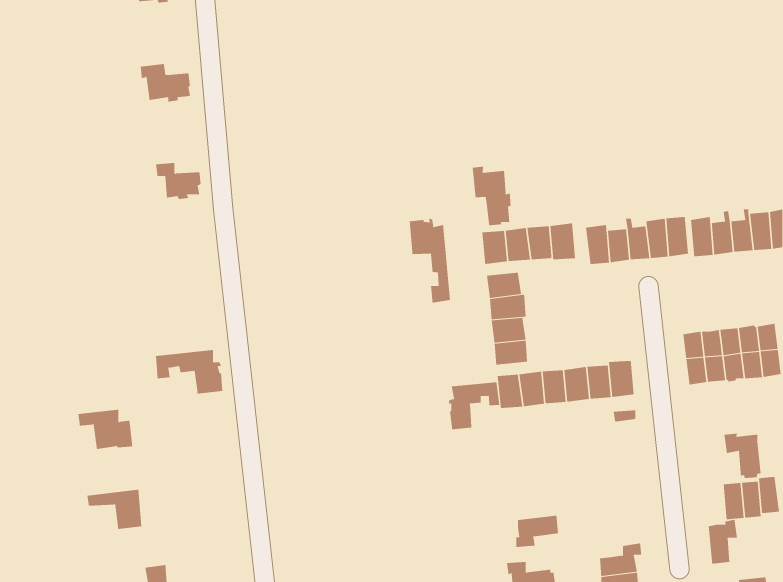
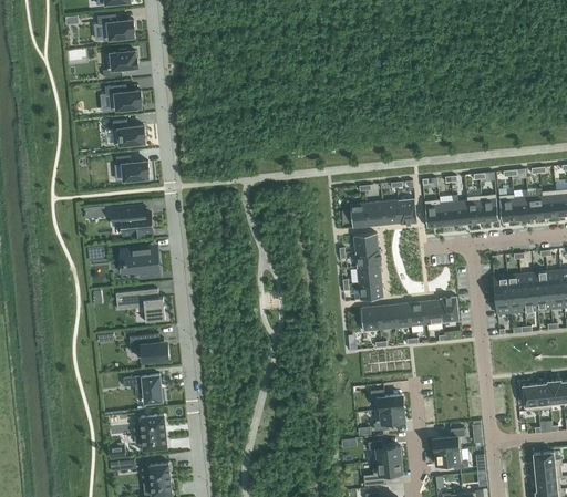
building: none -> [102,49,137,79]
building: none -> [112,120,144,146]
building: [472,166,511,226] -> none
building: [409,218,451,303] -> none
building: none -> [115,206,151,236]
building: none -> [118,247,158,278]
building: [448,381,500,430] -> none
building: [77,409,135,449] -> [128,333,169,362]
building: [724,433,761,479] -> none
building: [87,489,142,529] -> [122,374,162,403]
building: none -> [370,390,403,411]
building: [708,519,737,565] -> none
building: none -> [133,414,166,449]

